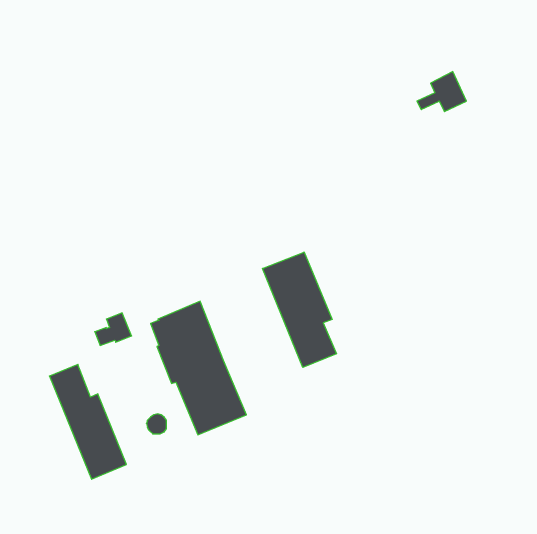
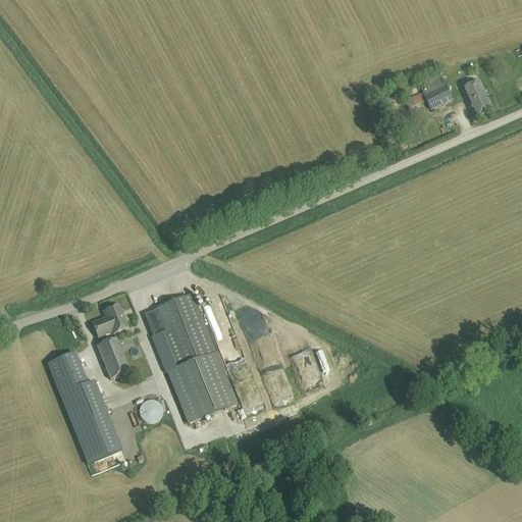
building: none -> [464,81,492,114]
building: [263,252,337,367] -> none
building: none -> [96,335,128,376]

